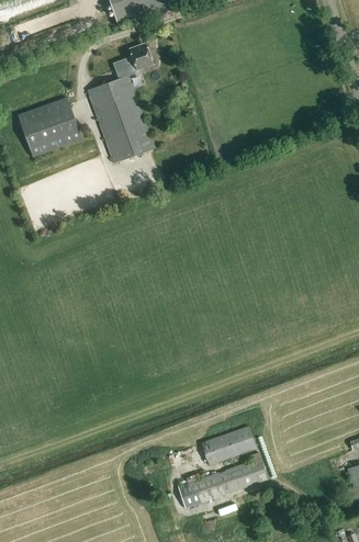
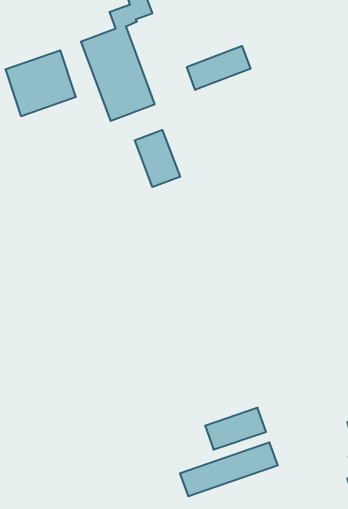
building: none -> [187,46,250,90]
building: none -> [135,130,180,187]

